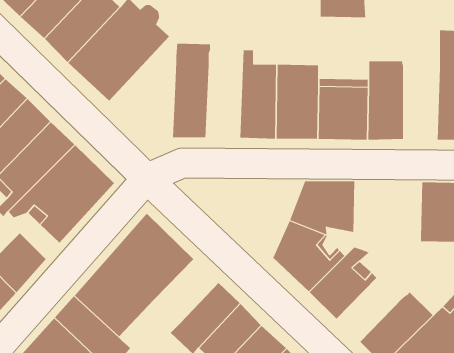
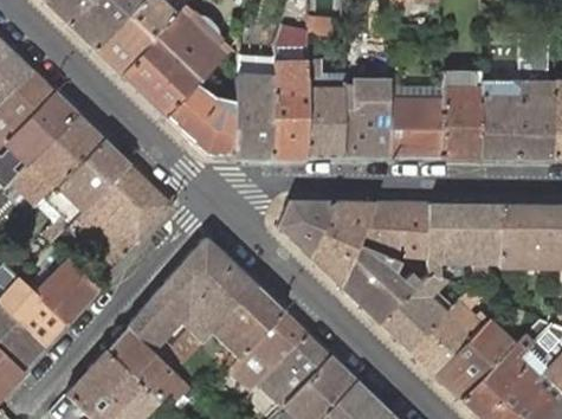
building: none -> [270,32,309,155]
building: none -> [482,78,519,157]
building: none -> [166,83,235,155]
building: none -> [279,200,375,284]
building: none -> [428,201,500,276]
building: none -> [214,285,283,354]
building: none -> [409,289,483,374]

